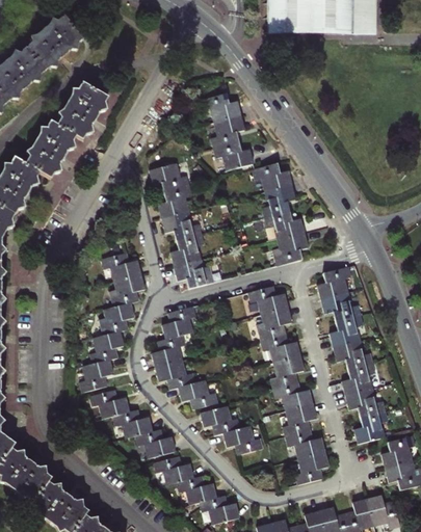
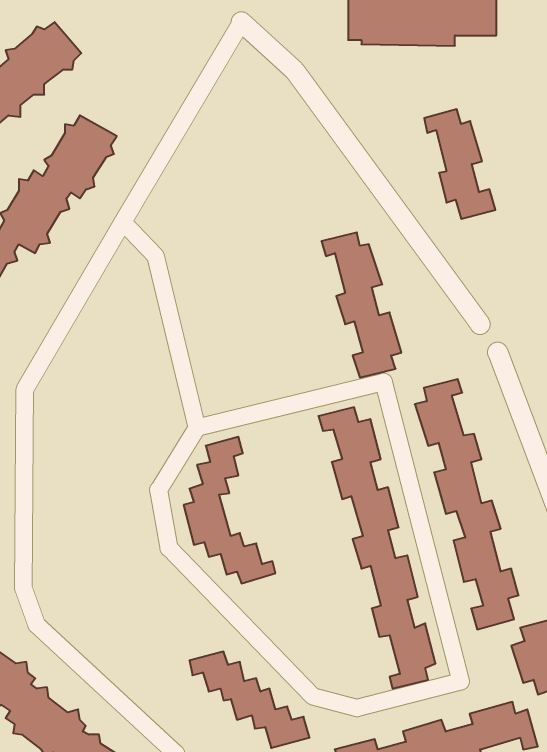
building: [201,92,251,169] -> [424,109,495,219]
building: [148,165,212,289] -> none
building: [82,256,146,394] -> none
building: [93,391,178,458] -> none
building: [204,408,265,455] -> none

